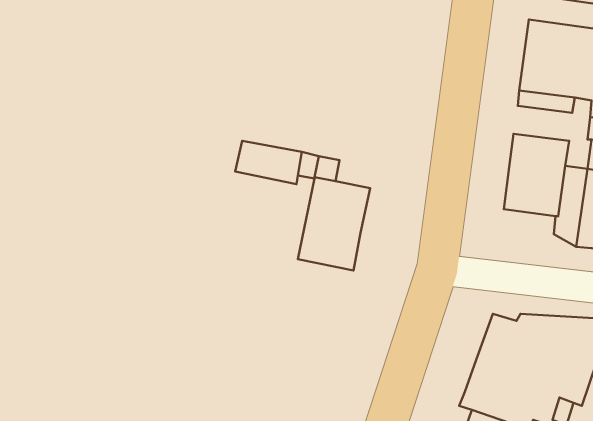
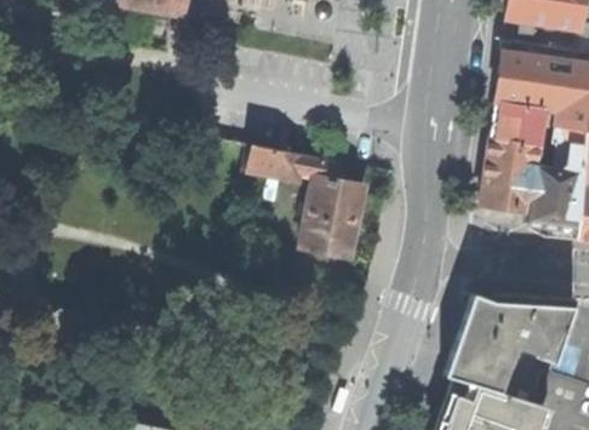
building: none -> [491,116,542,147]

